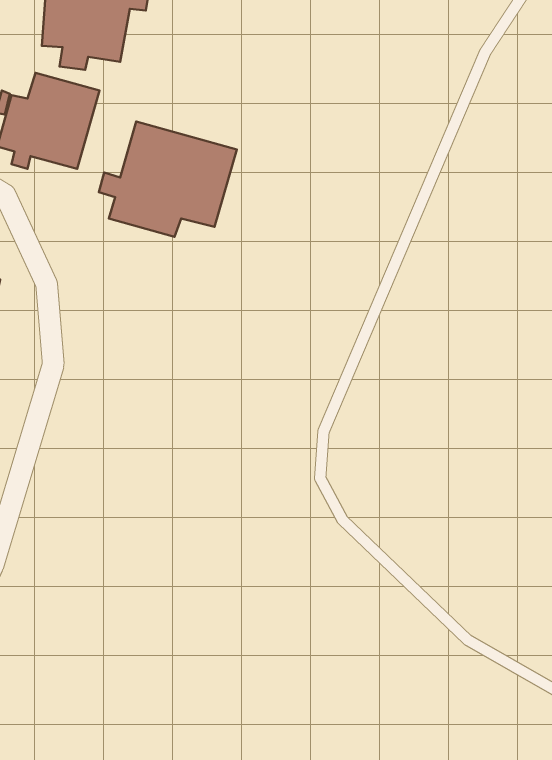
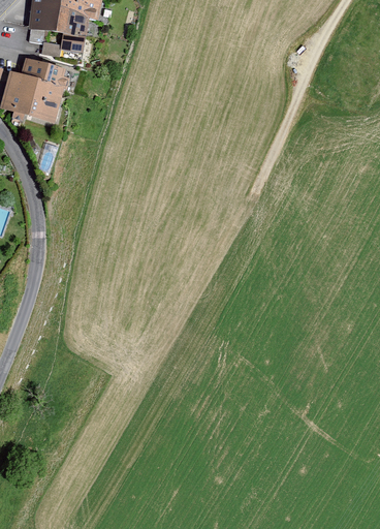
building: [99,122,237,237] -> none

